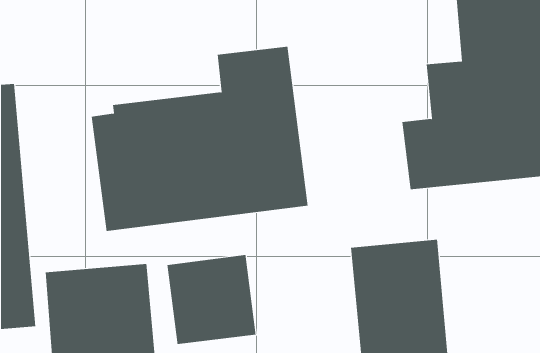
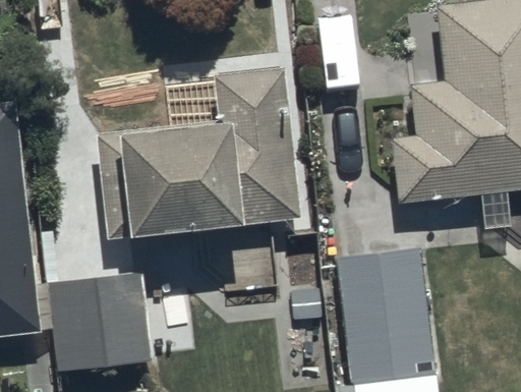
building: [167,254,256,345] -> none

